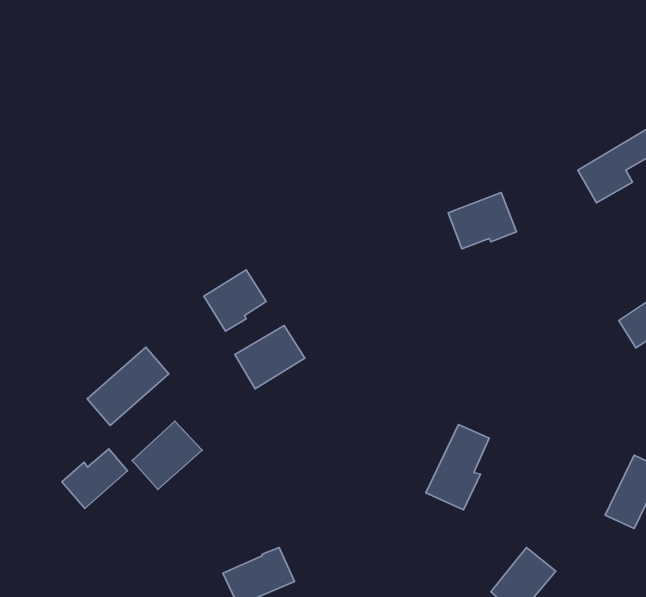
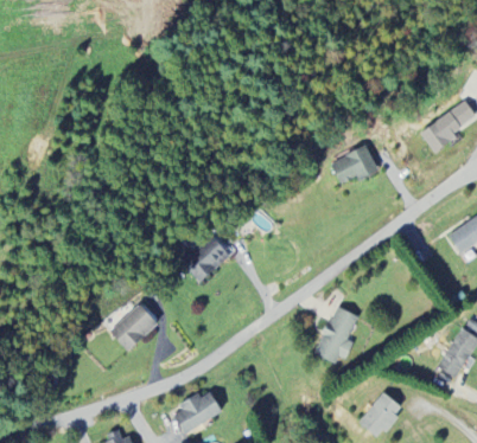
building: [204,270,266,331] -> none
building: [87,347,169,426] -> none
building: [62,449,127,508] -> none

